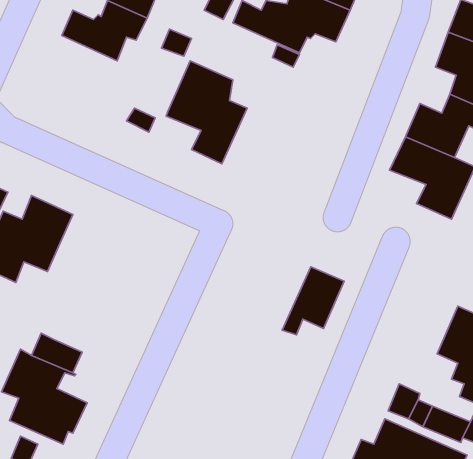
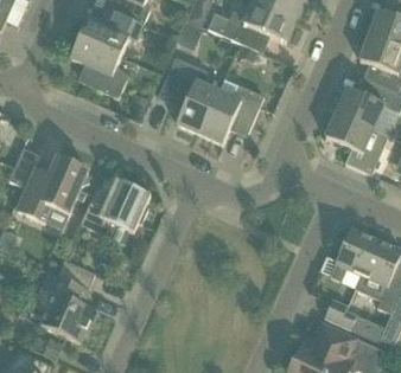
building: none -> [70,37,127,98]
building: none -> [198,85,263,143]
building: none -> [79,179,149,242]
building: [282,267,344,335] -> [329,229,375,279]

